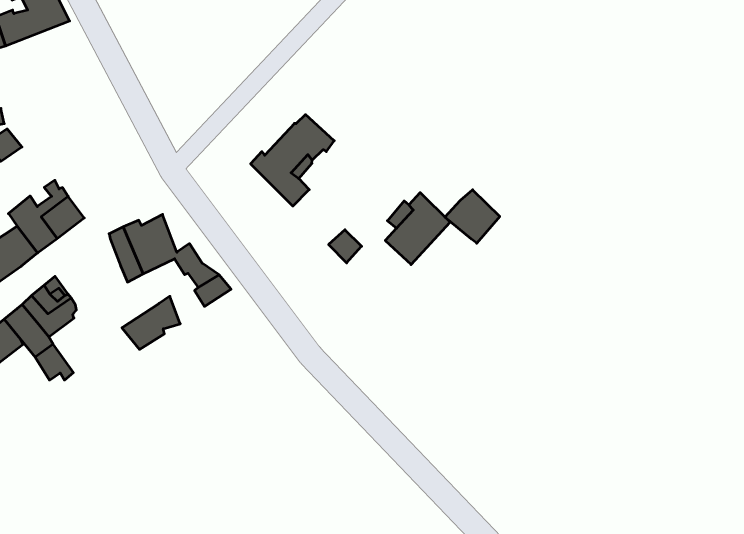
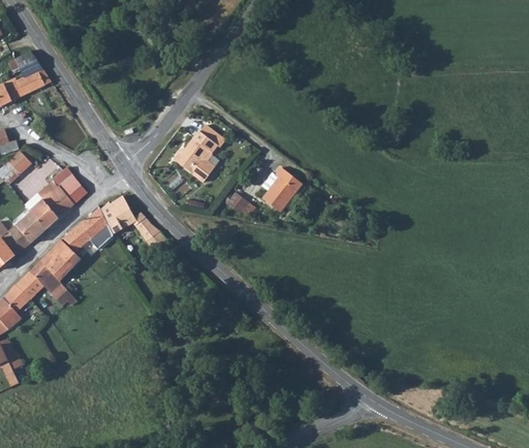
building: none -> [51,168,87,202]
building: [445,190,500,243] -> none
building: [122,296,180,349] -> [63,214,99,249]

